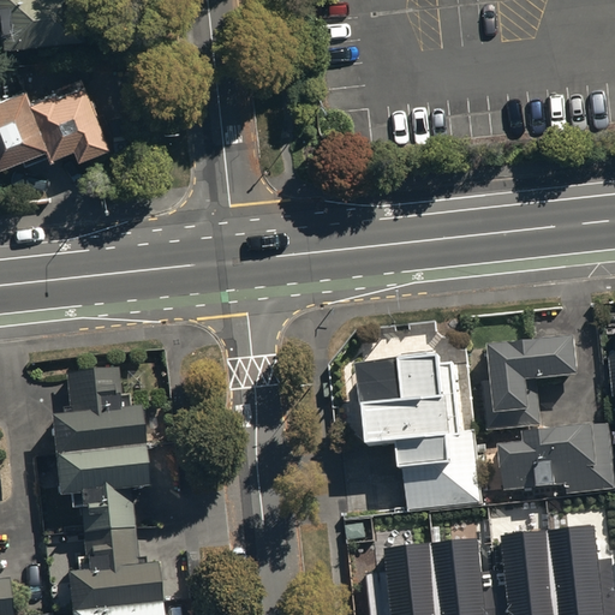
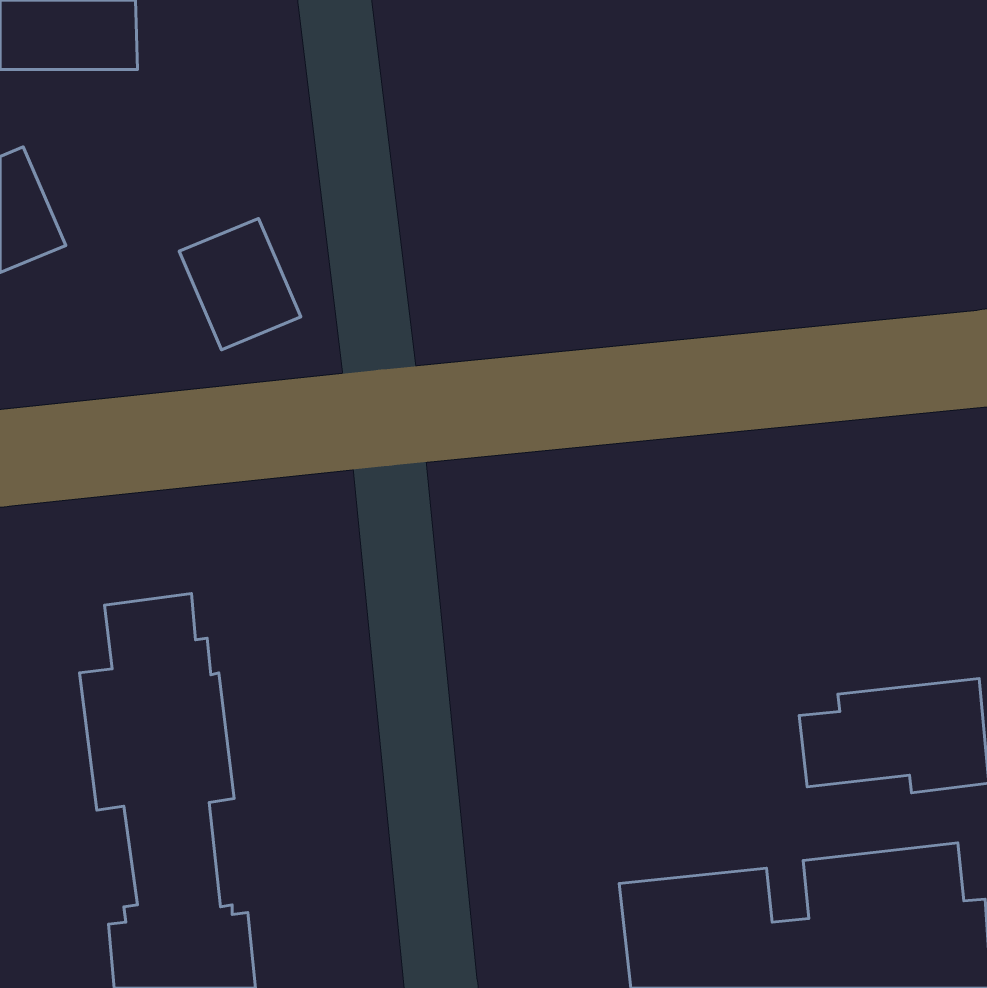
building: [25,85,101,167] -> [179,218,301,350]
building: [483,334,579,430] -> none
building: [356,353,483,512] -> none

